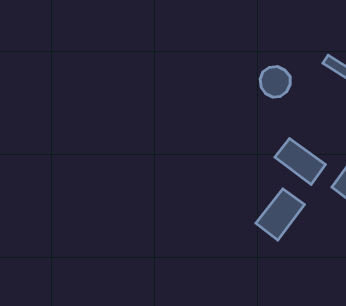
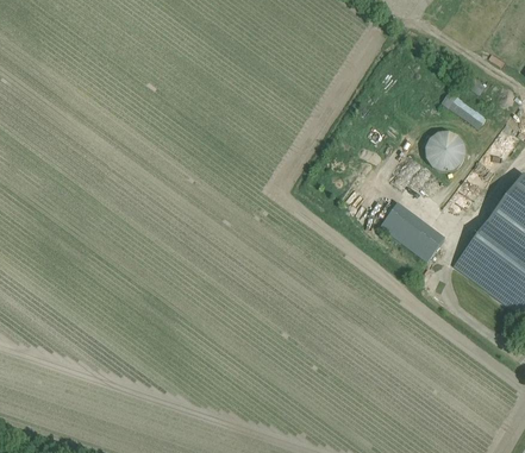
building: [260,66,290,97] -> [425,130,464,170]
building: [256,189,304,240] -> none

